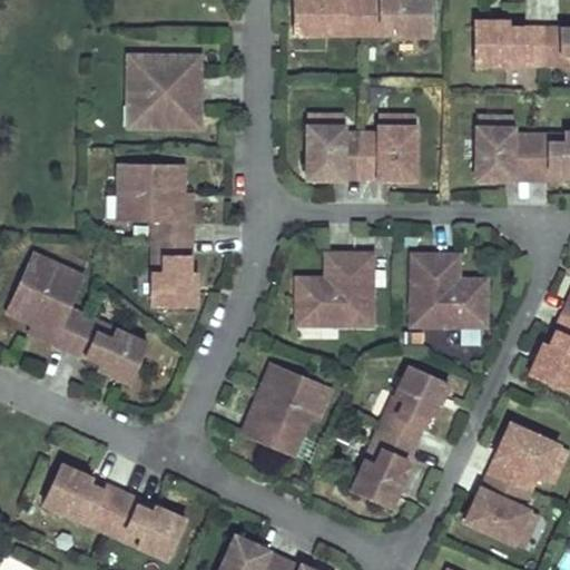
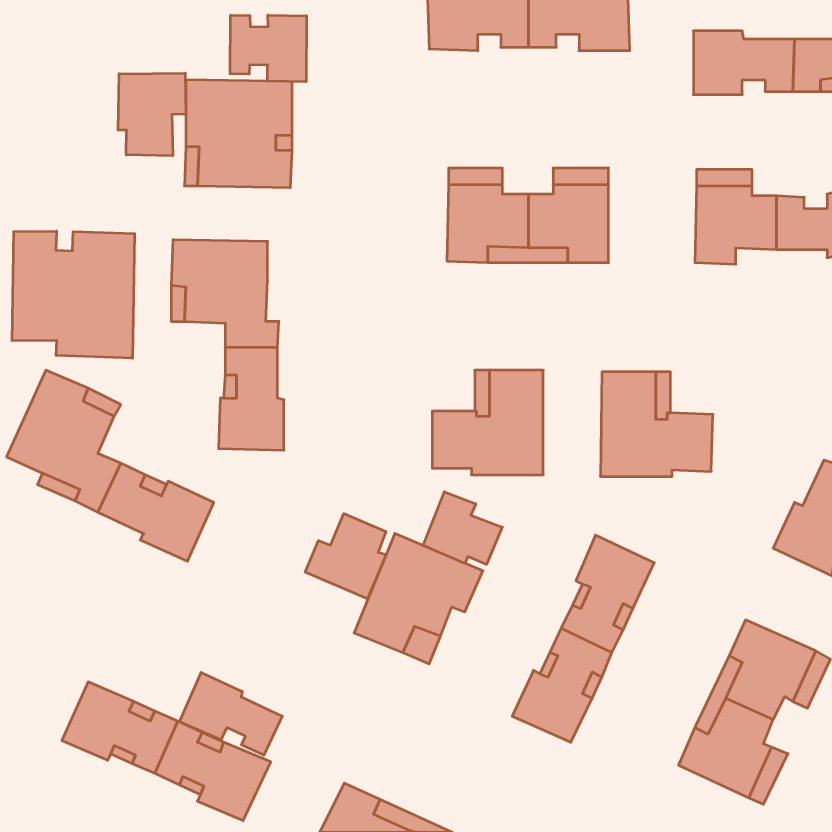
building: none -> [230,15,306,82]
building: none -> [118,73,186,156]
building: none -> [12,231,135,358]
building: none -> [423,492,502,564]
building: none -> [305,514,386,599]
building: none -> [180,672,282,755]

